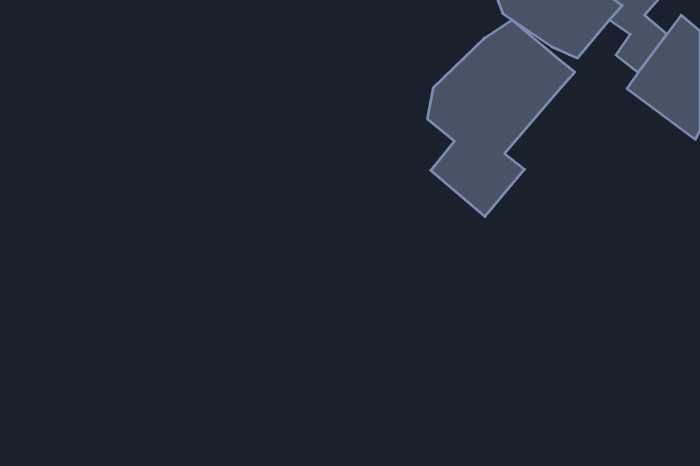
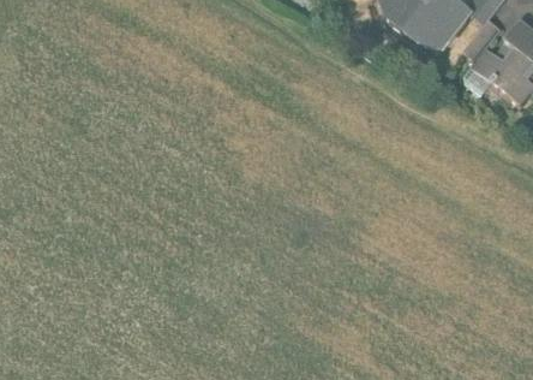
building: [428,20,575,217] -> none

